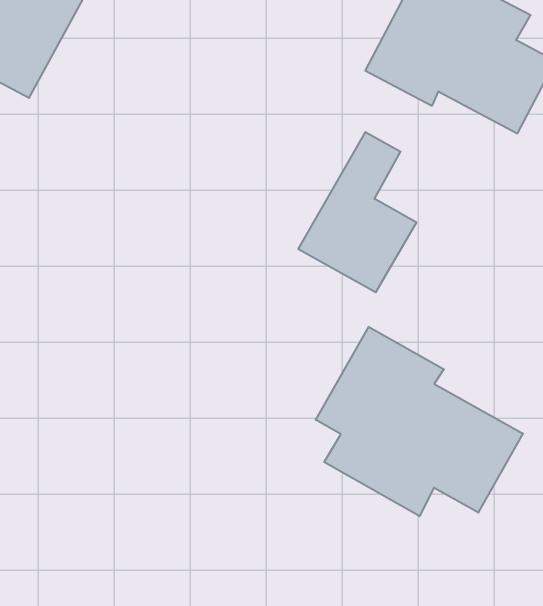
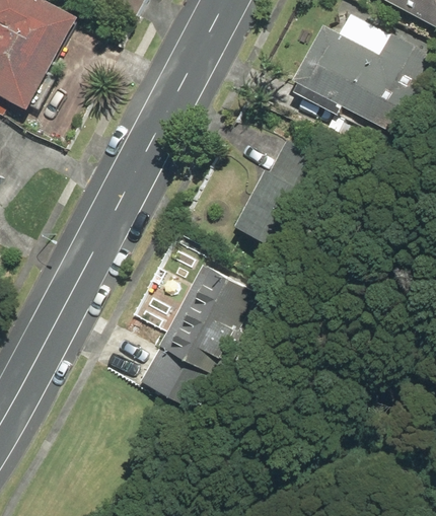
building: none -> [135,262,262,413]
building: [316,327,523,516] -> none

